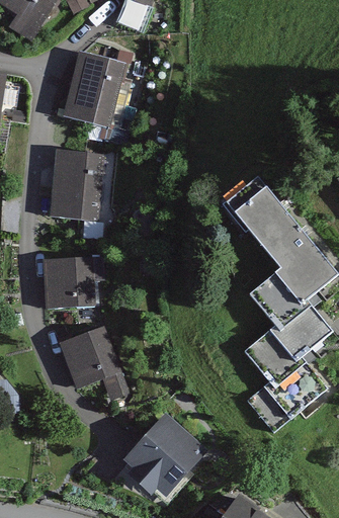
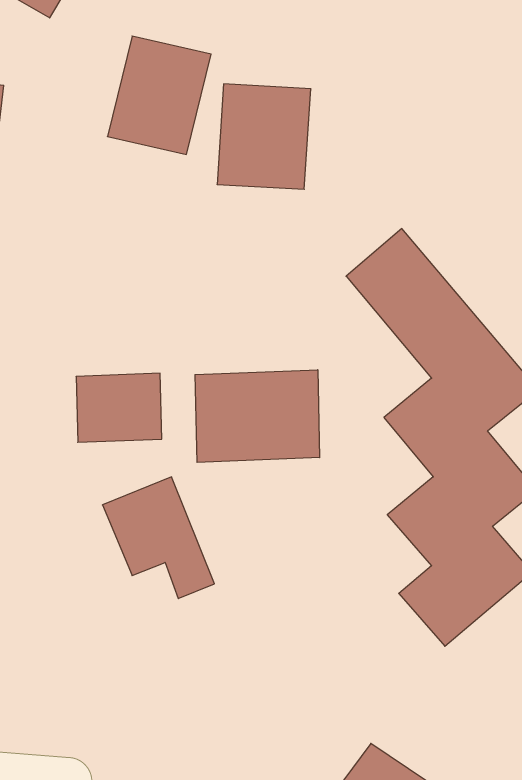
building: [55,154,112,219] -> [217,84,311,189]
building: none -> [195,370,320,462]
building: [121,414,206,499] -> none

